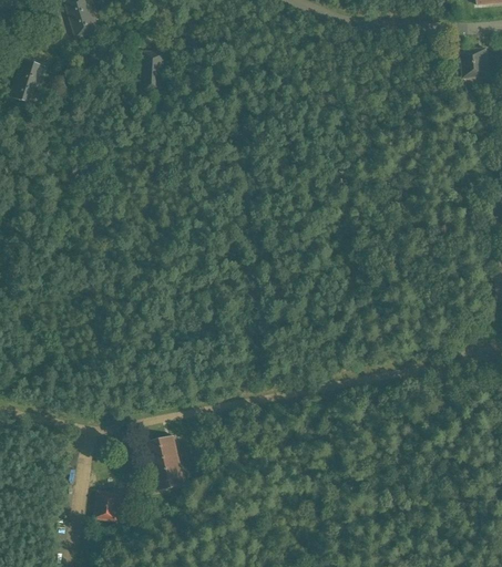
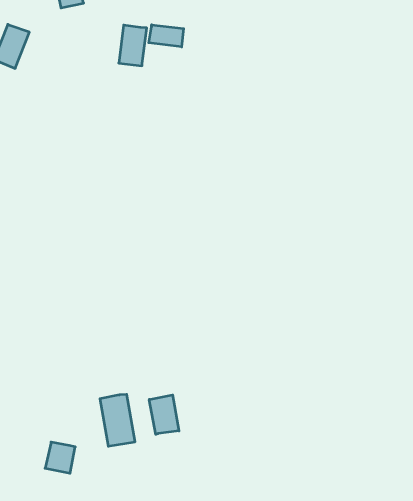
building: none -> [149,25,184,47]
building: none -> [149,395,179,434]

